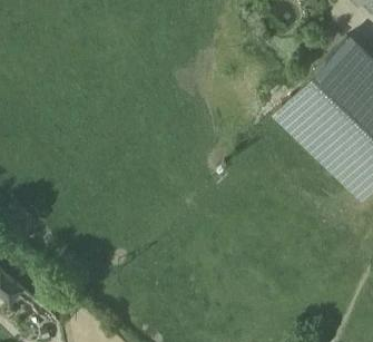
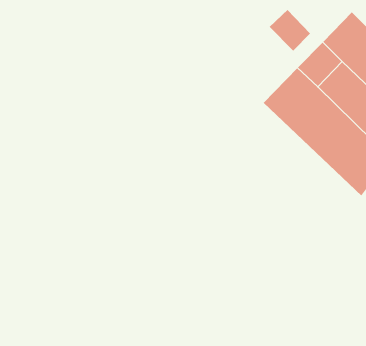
building: none -> [269,9,311,51]

